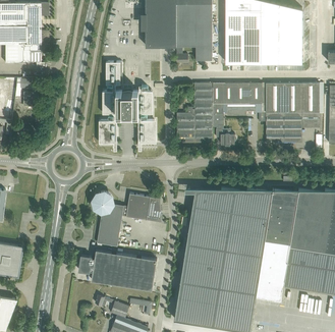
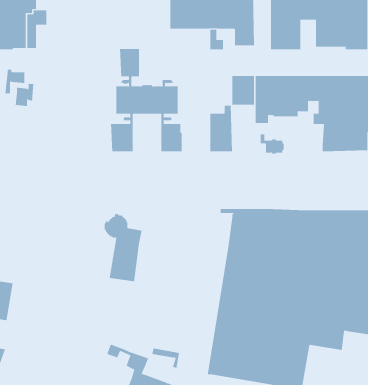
building: [194,107,214,144] -> none
building: [122,193,162,223] -> none
building: [79,250,157,290] -> none

